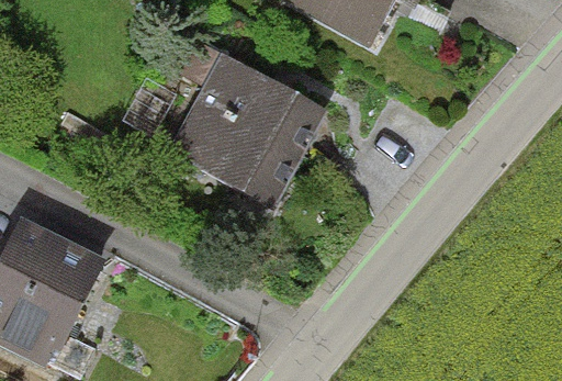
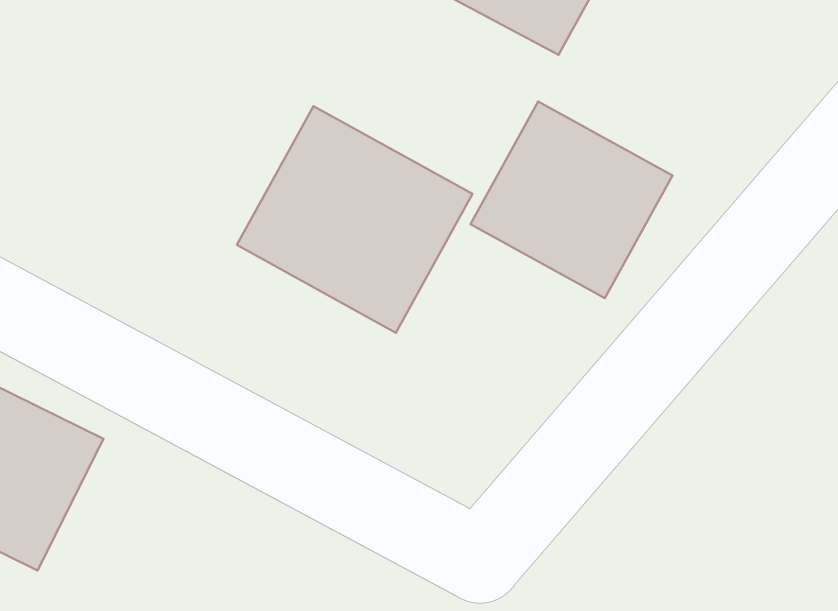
building: none -> [471,102,672,298]

